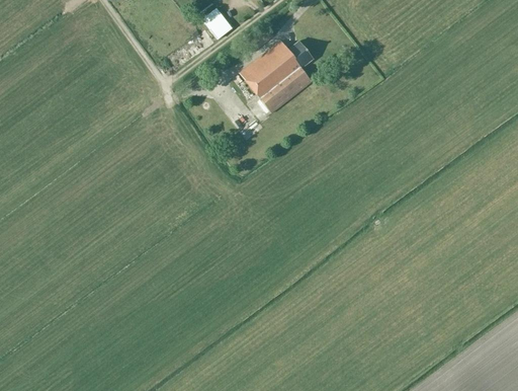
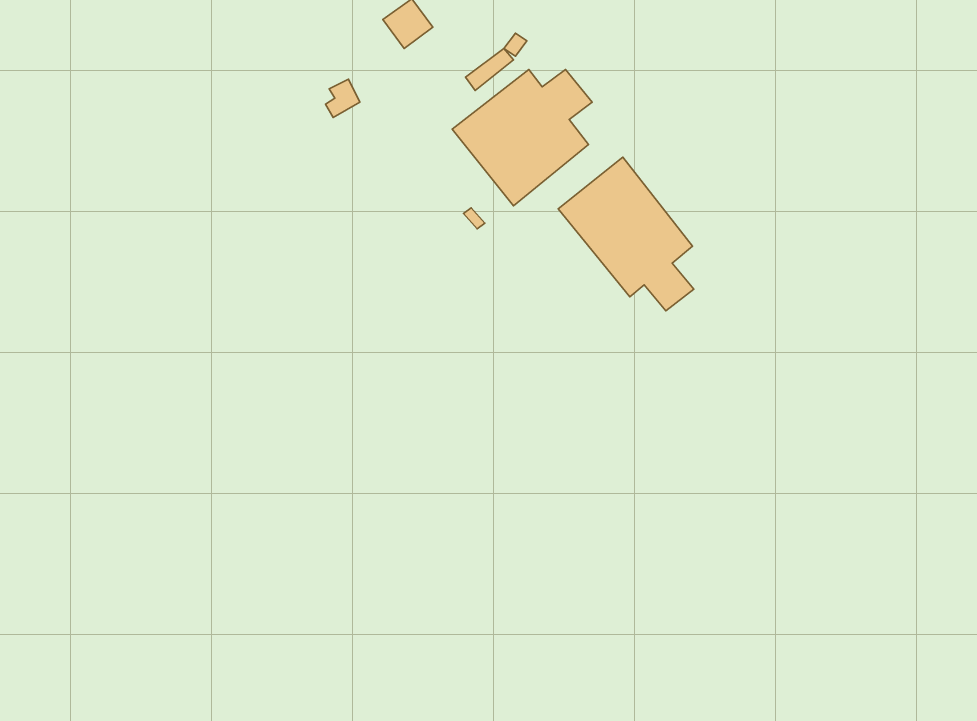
building: none -> [558,157,694,311]

